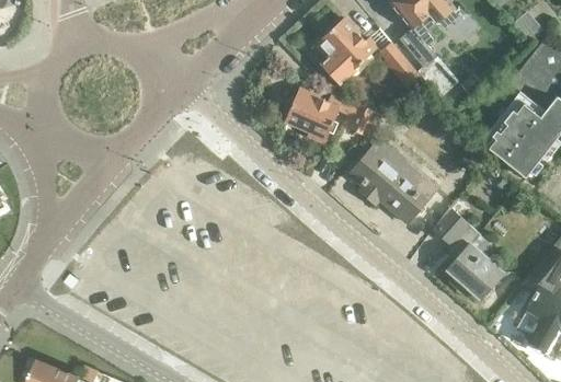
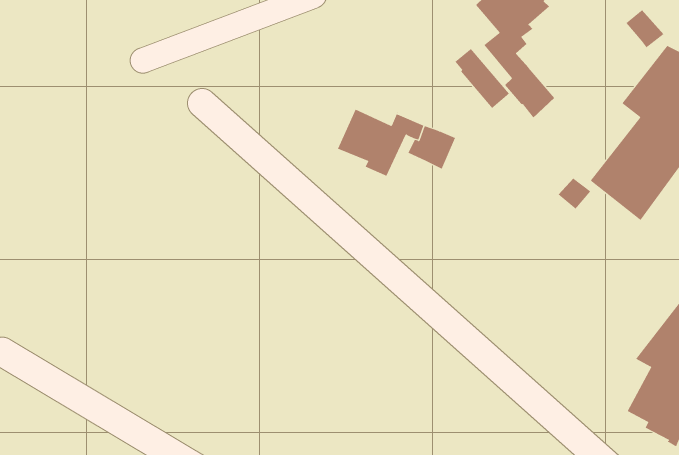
building: [316,18,380,84] -> none
building: [353,136,438,222] -> none
building: [433,208,503,298] -> none

